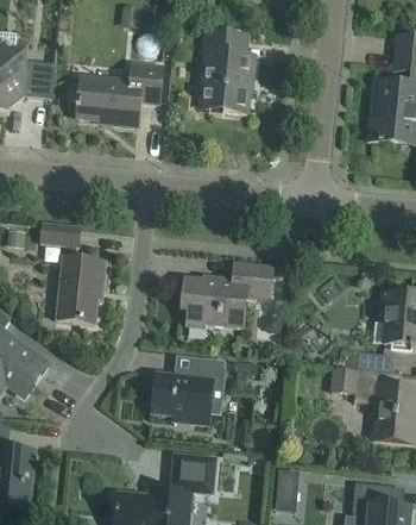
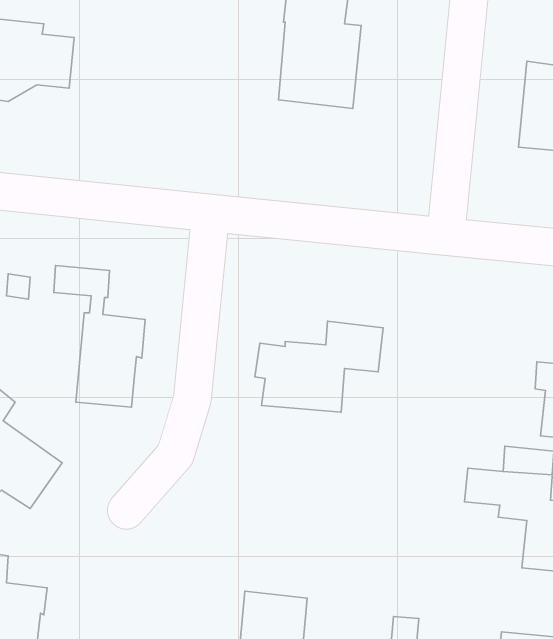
building: [77,63,162,125] -> none
building: [153,356,226,423] -> none

